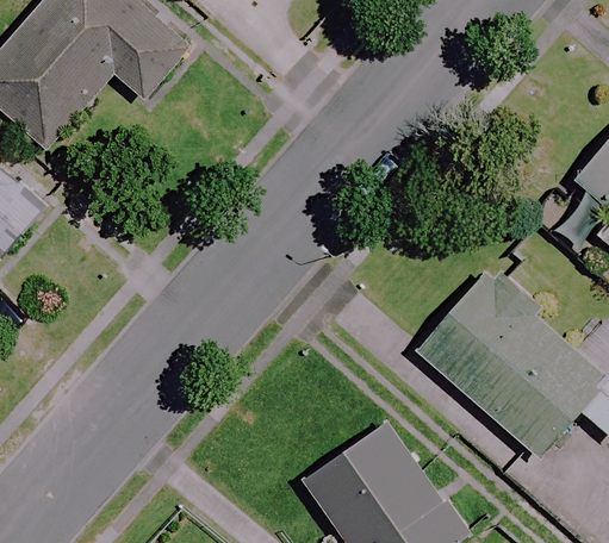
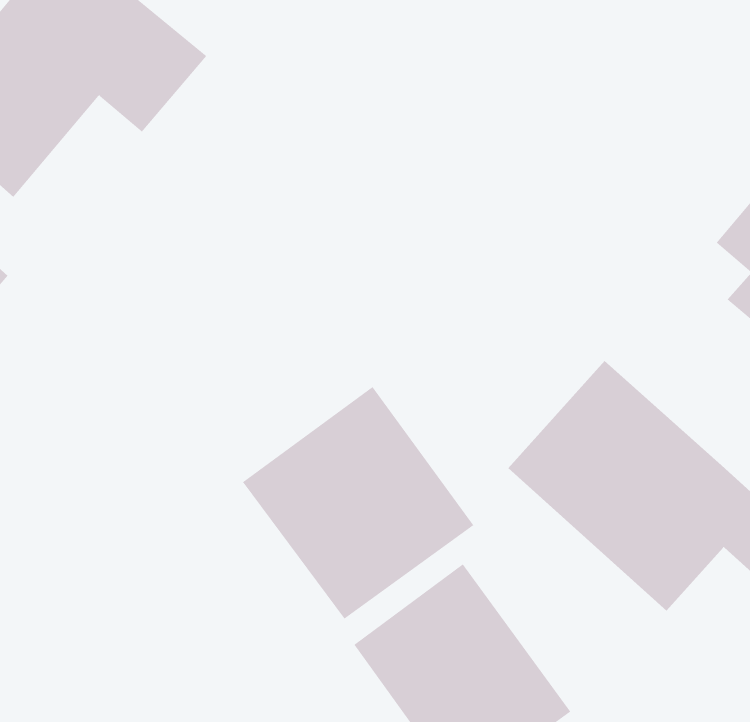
building: none -> [242,386,474,619]

